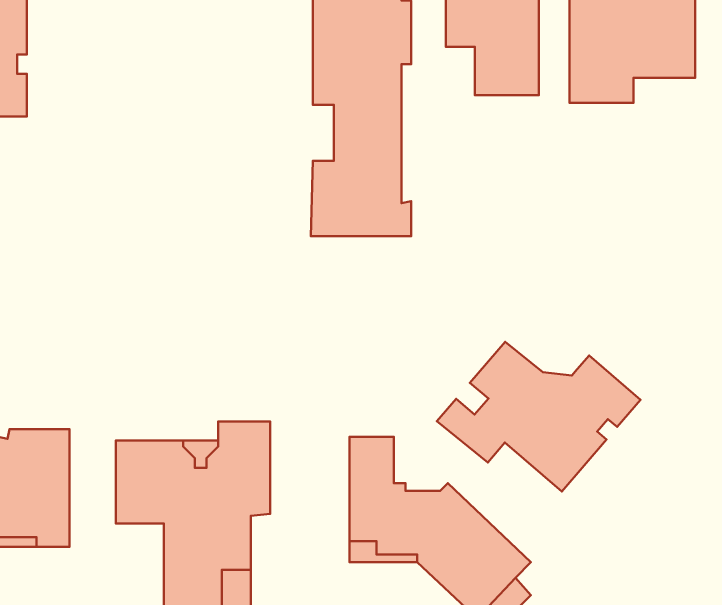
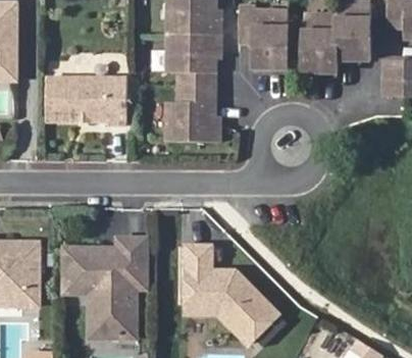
building: none -> [47,79,128,127]
building: [437,342,641,492] -> none

